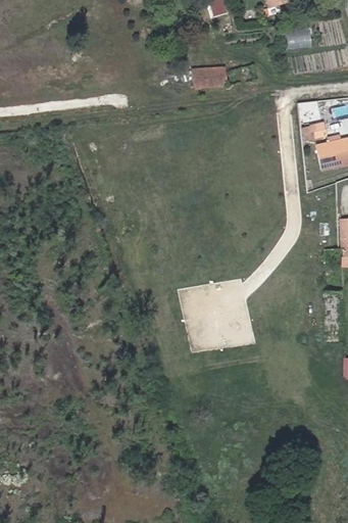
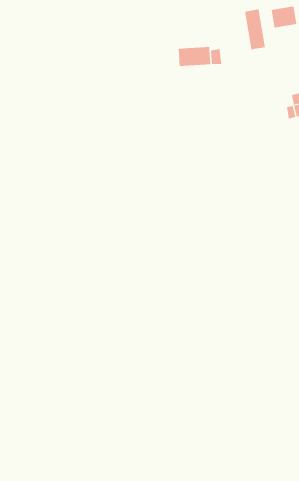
building: none -> [244,8,266,50]

